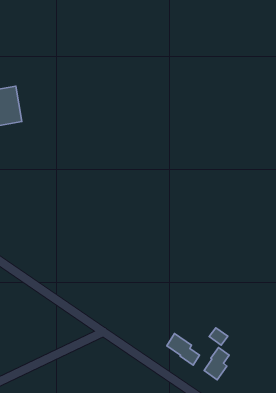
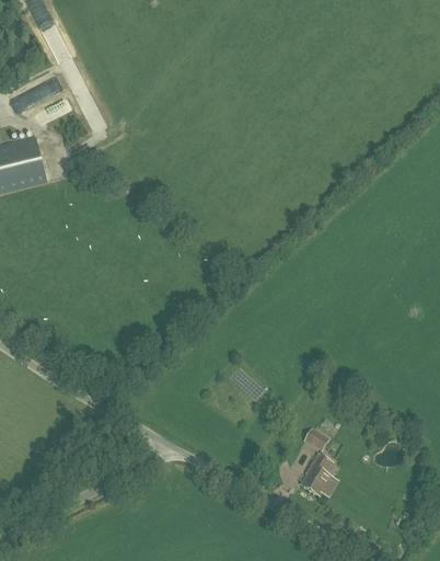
building: [167,334,200,365] -> none

